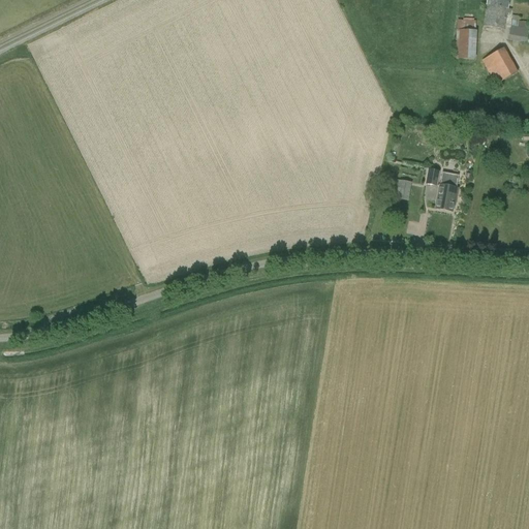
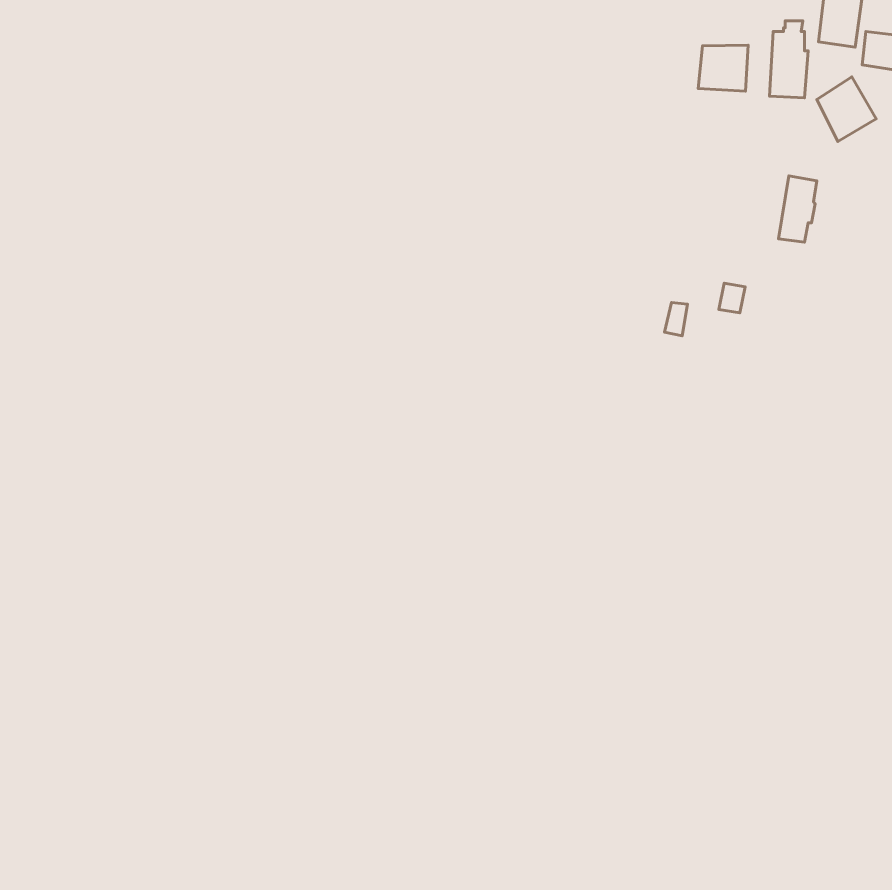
building: none -> [698,45,748,91]
building: [437,170,460,210] -> [778,176,817,242]

